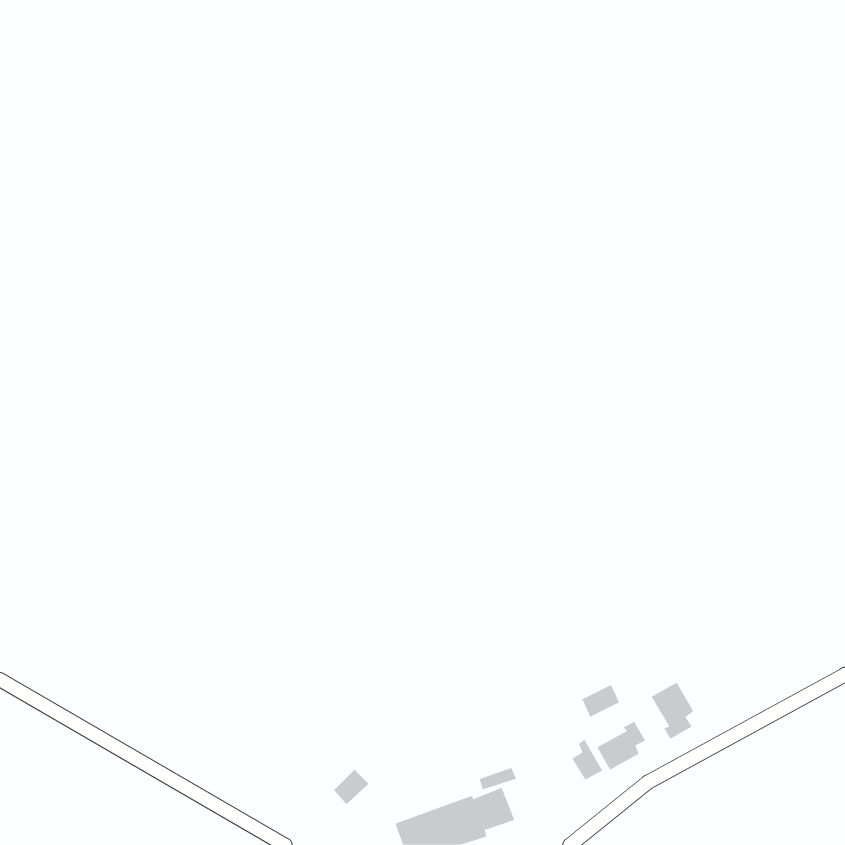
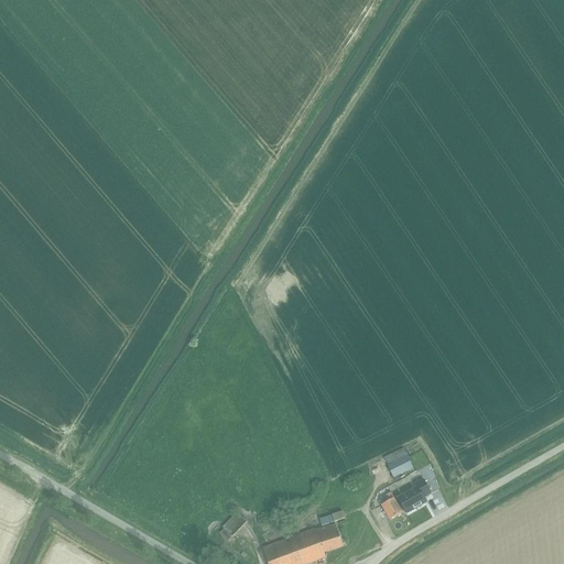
building: [651,682,694,739] -> none

